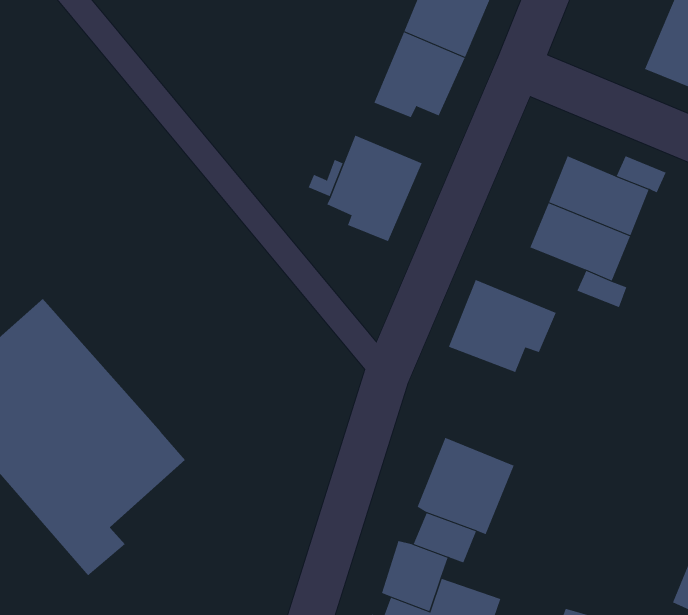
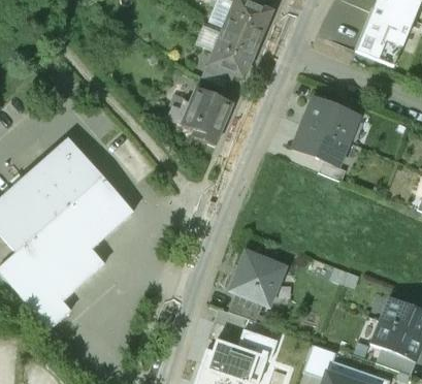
building: none -> [25,139,131,249]
building: [448,279,557,373] -> none

